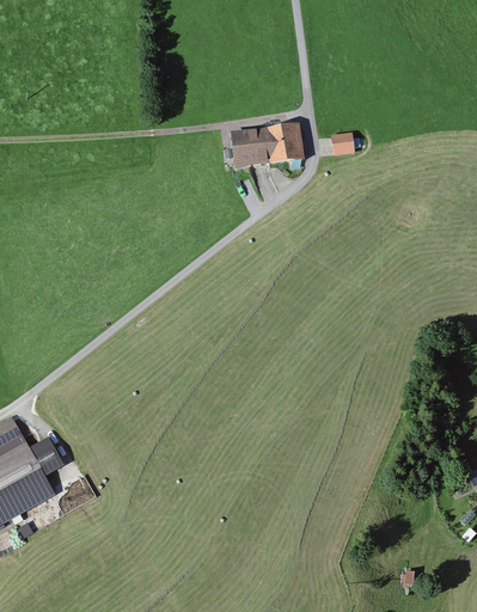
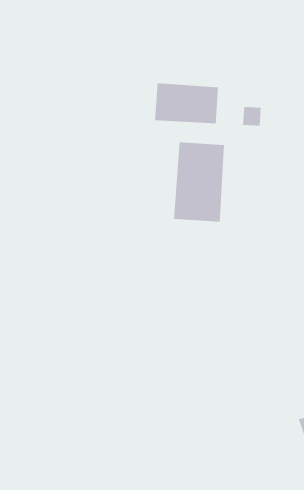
building: none -> [173,141,225,223]

